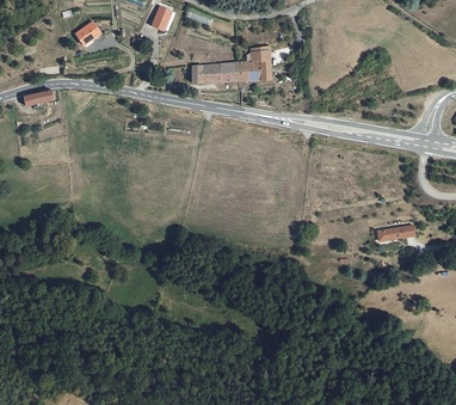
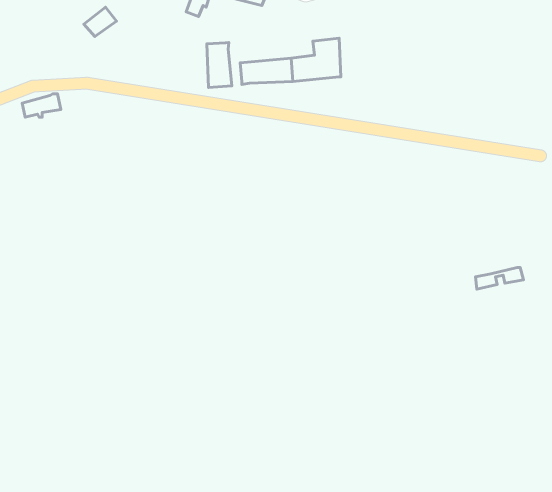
building: none -> [207,43,232,87]

